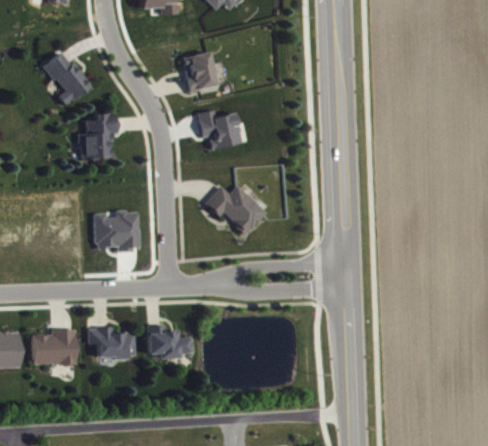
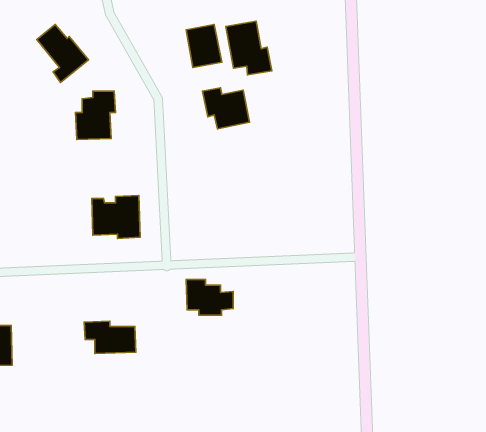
building: none -> [226,21,272,75]
building: [205,184,266,234] -> none
building: [146,325,190,358] -> [186,280,233,315]
building: [32,328,75,364] -> none

